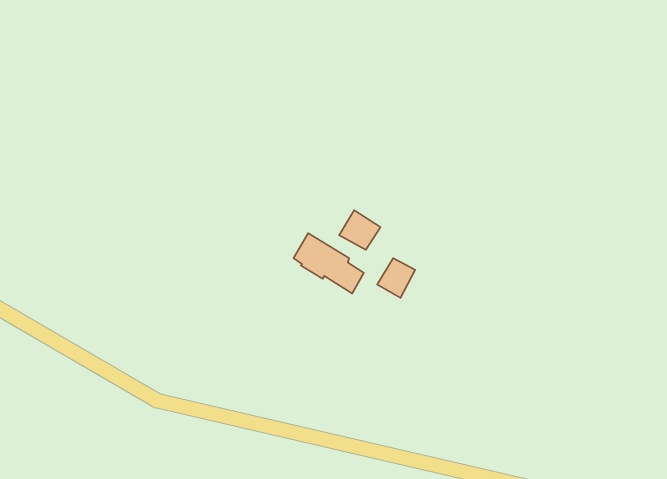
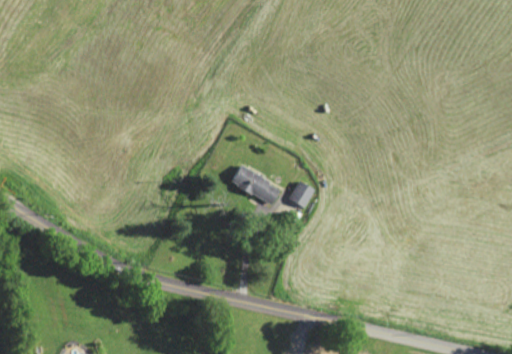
building: [339,210,380,250] -> none

